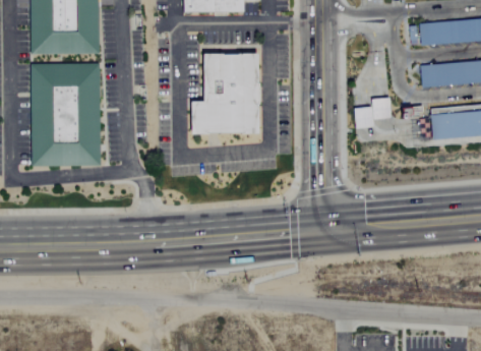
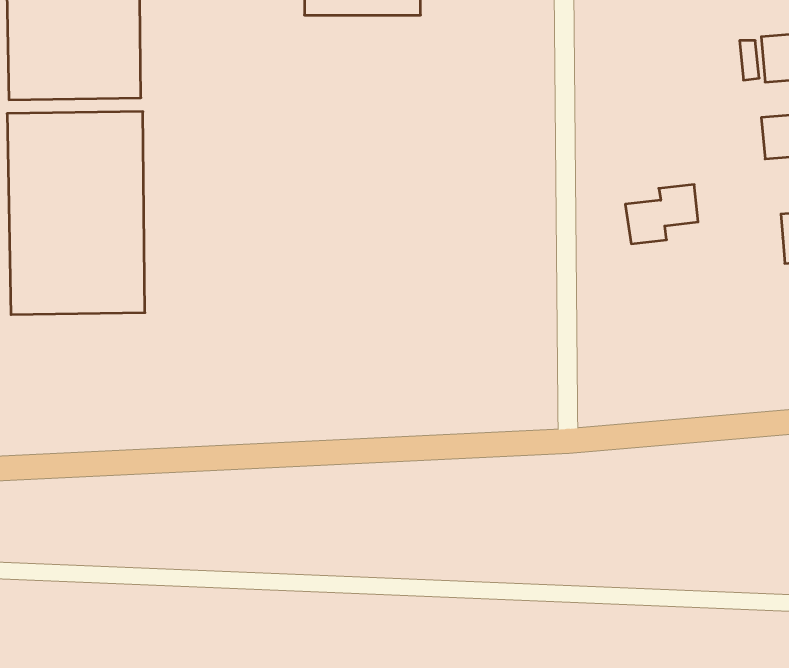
building: [192,53,259,134] -> none

